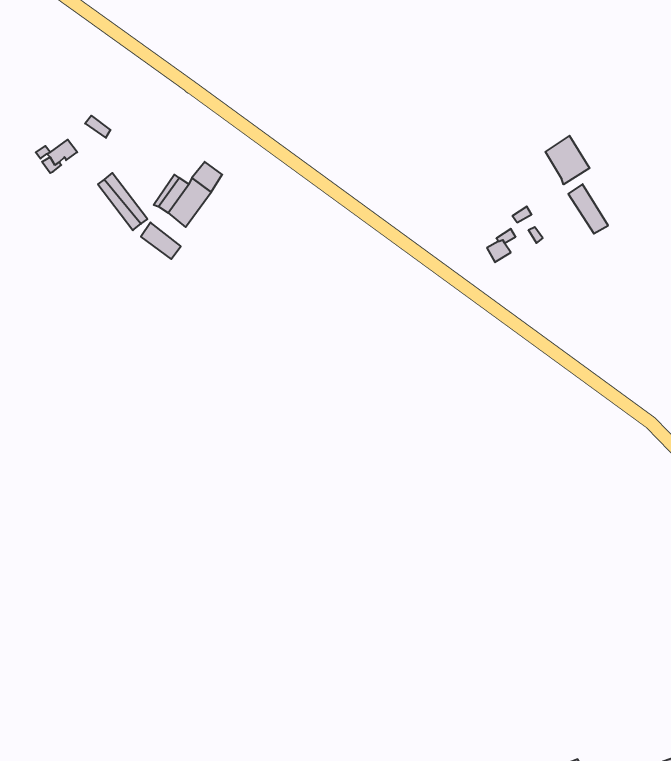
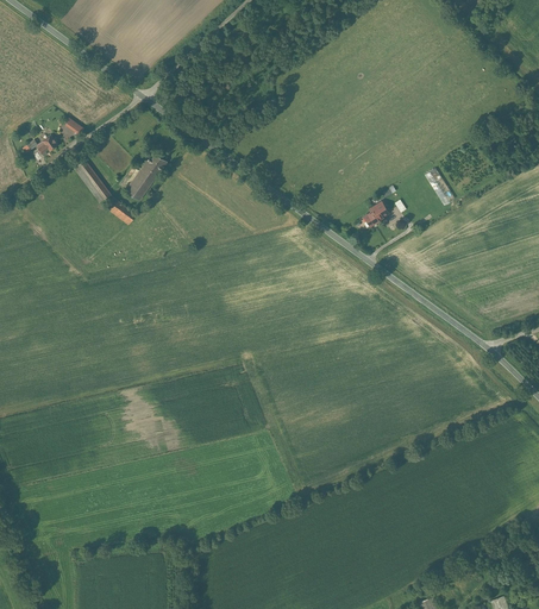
building: [545,136,590,184] -> none

